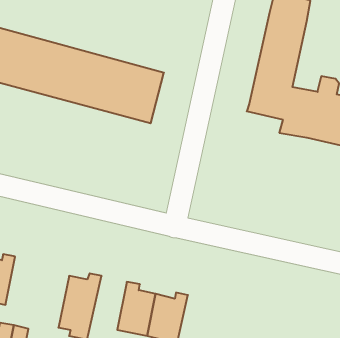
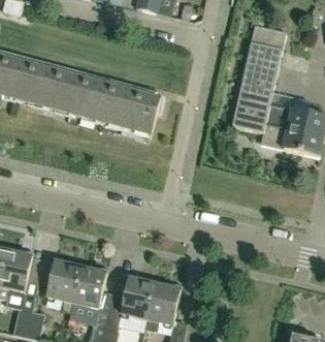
building: none -> [46,255,79,311]

